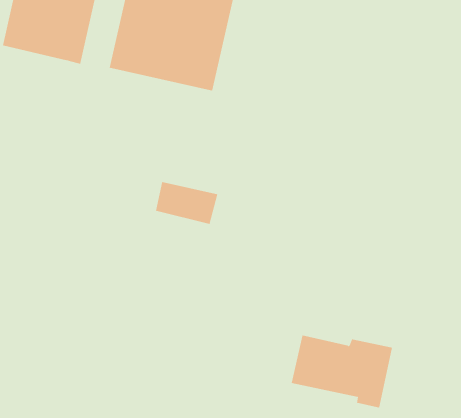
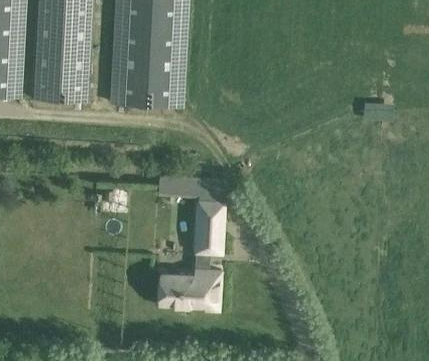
building: none -> [195,208,221,252]
building: [291,335,393,408] -> [155,268,222,313]

